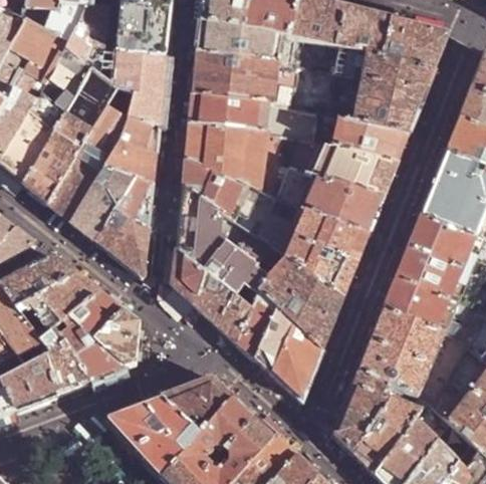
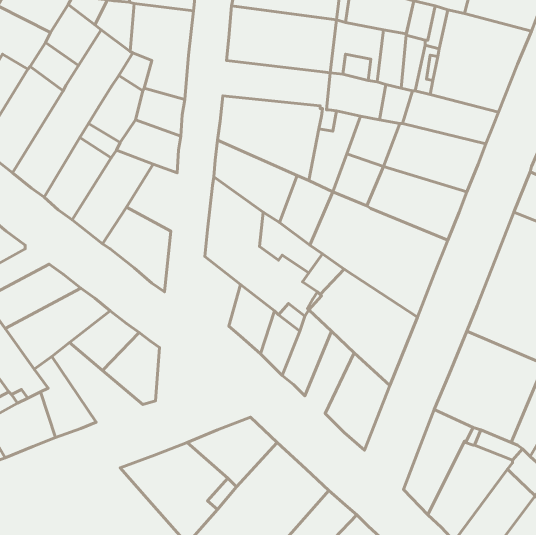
building: [190,93,275,133] -> none
building: [277,168,317,209] -> none
building: [113,176,154,229] -> none
building: [172,249,204,304] -> none
building: [255,308,294,374] -> none
building: [54,317,127,381] -> none

